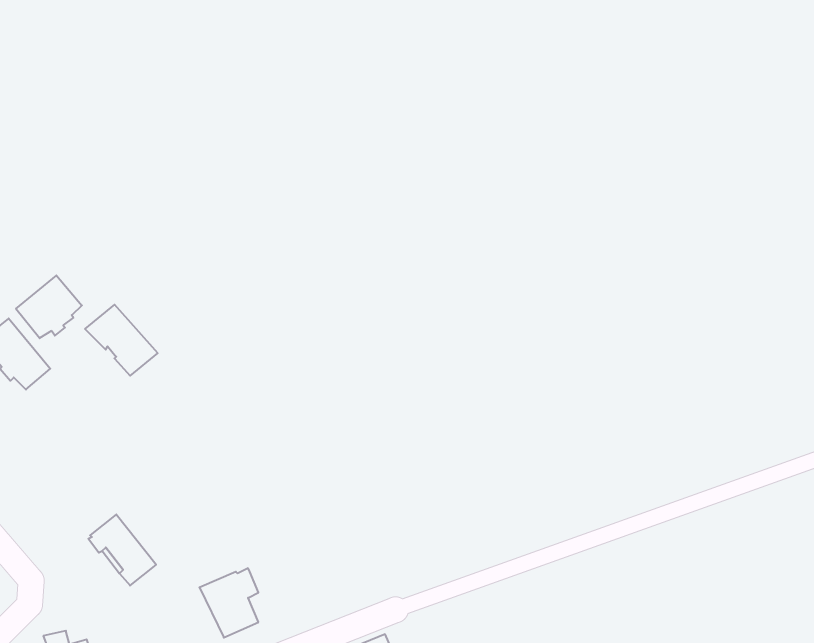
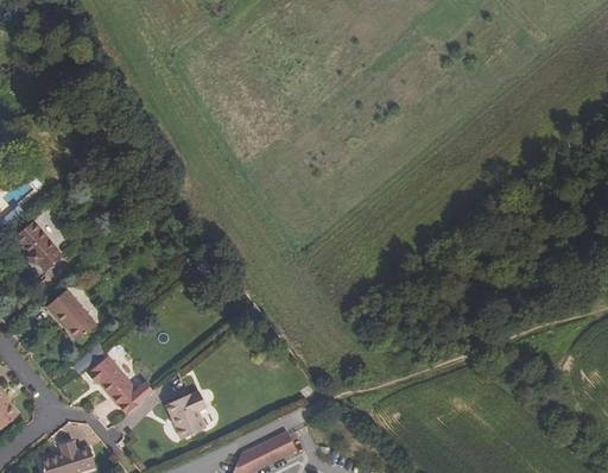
building: [16,275,82,338] -> none
building: [85,305,158,376] -> [43,288,93,336]

